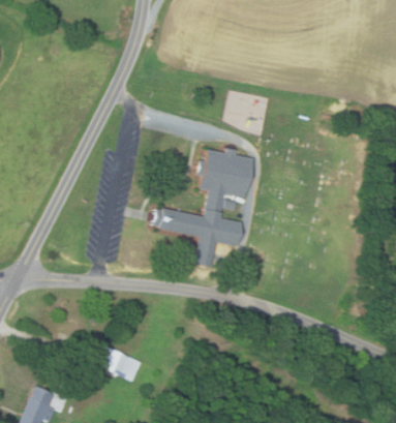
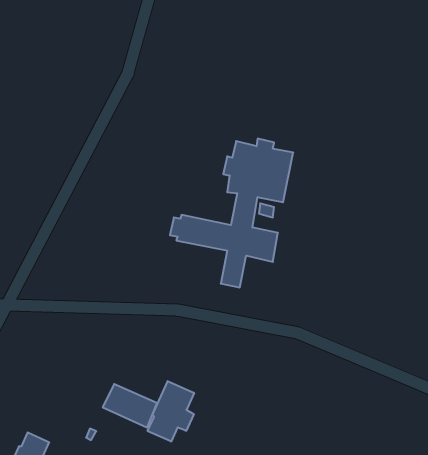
building: none -> [148,381,194,442]

